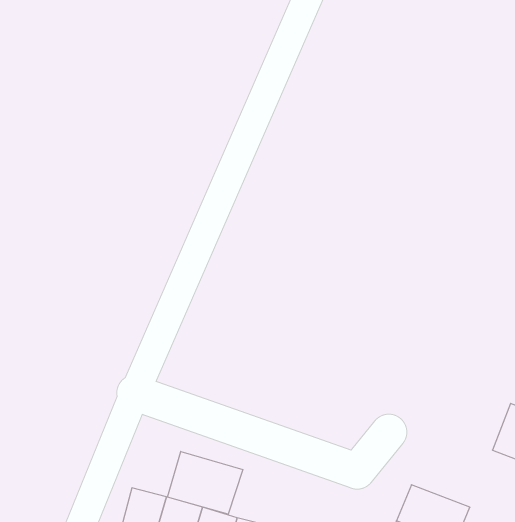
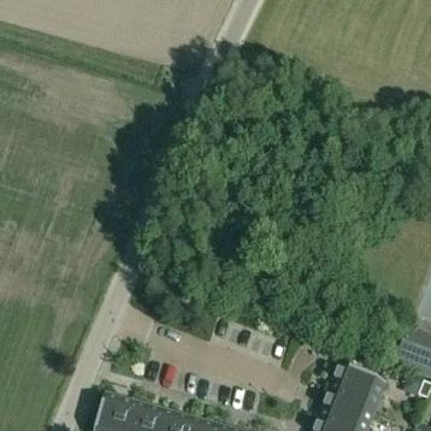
building: none -> [330,361,388,408]
building: [167,451,243,514] -> none

